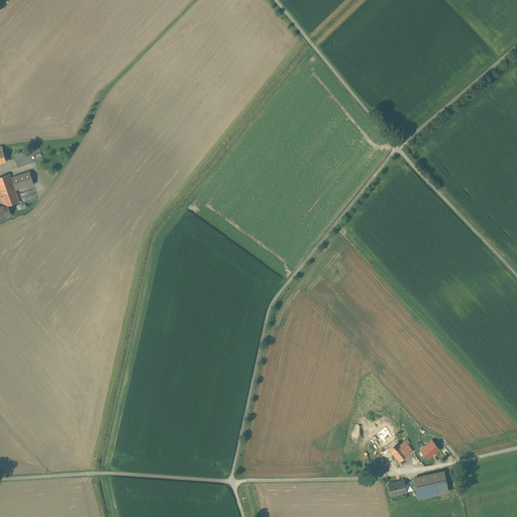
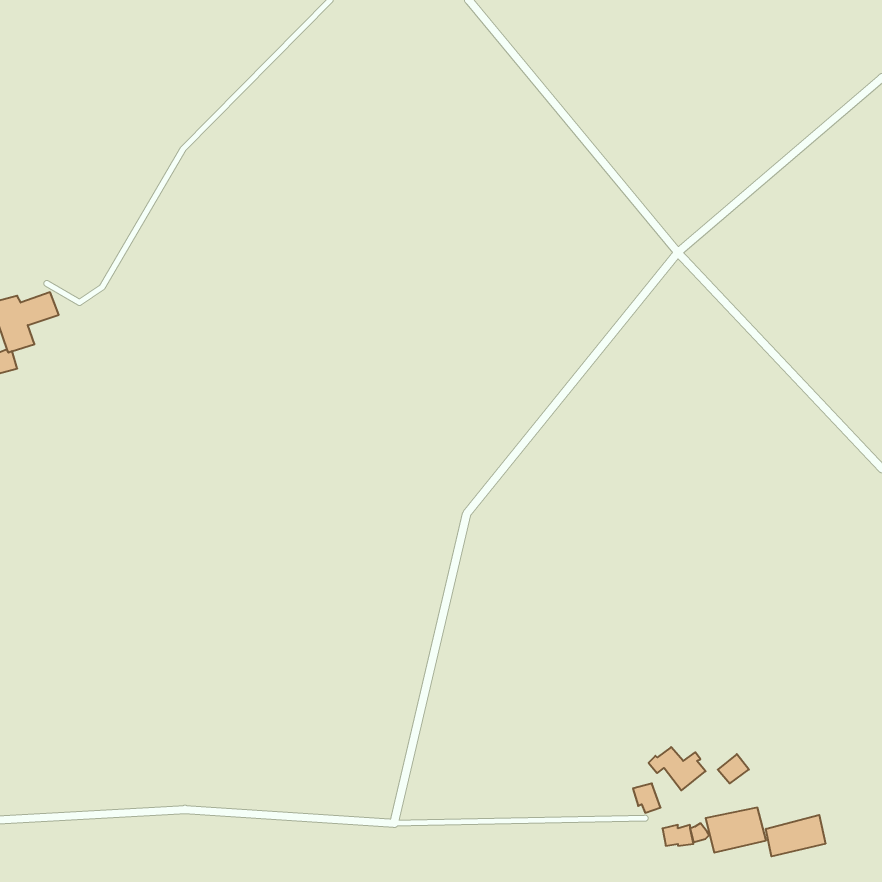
building: none -> [766,815,825,856]

